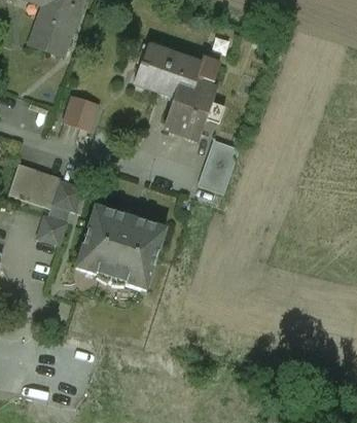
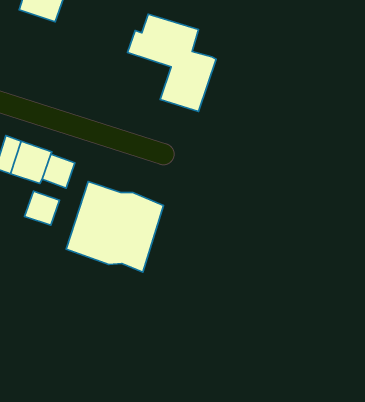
building: [192,54,219,86] -> none
building: [65,95,96,128] -> none
building: [197,138,238,193] -> none

